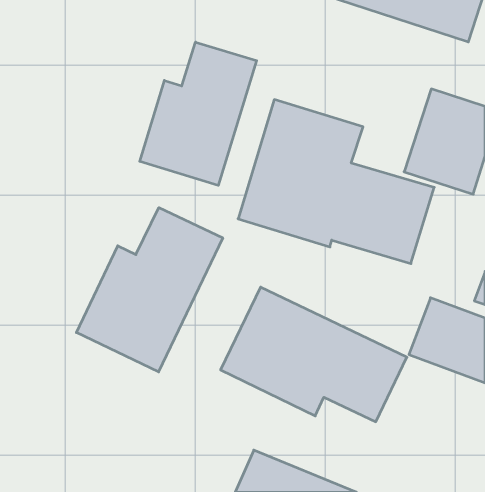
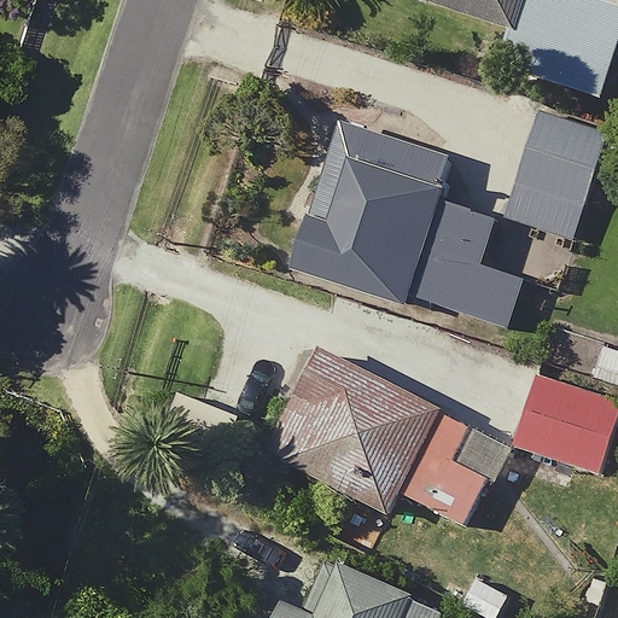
building: [140,42,257,185] -> none
building: [76,208,223,372] -> none

